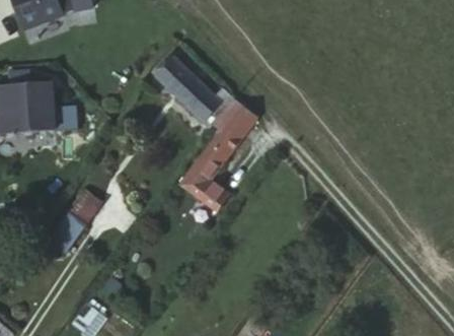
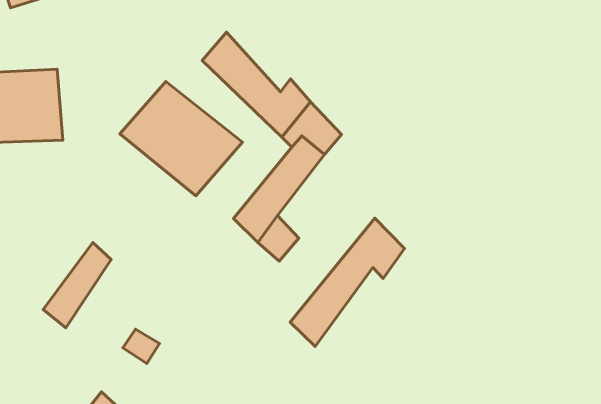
building: none -> [120,81,243,196]
building: none -> [290,218,404,346]

